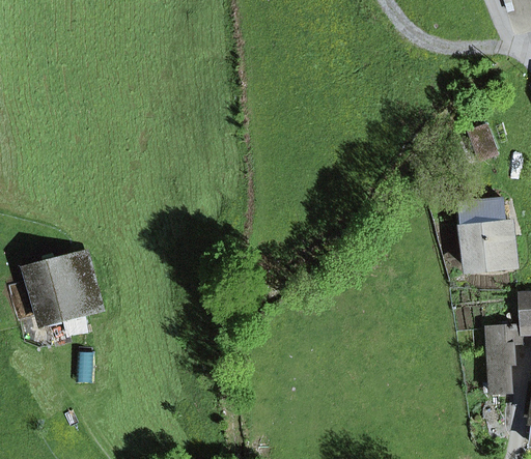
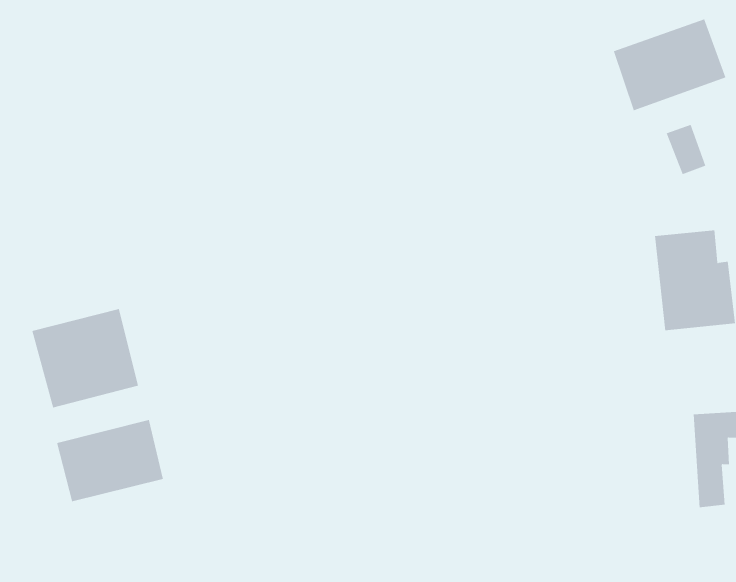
building: none -> [613,18,726,111]
building: none -> [56,419,163,502]

